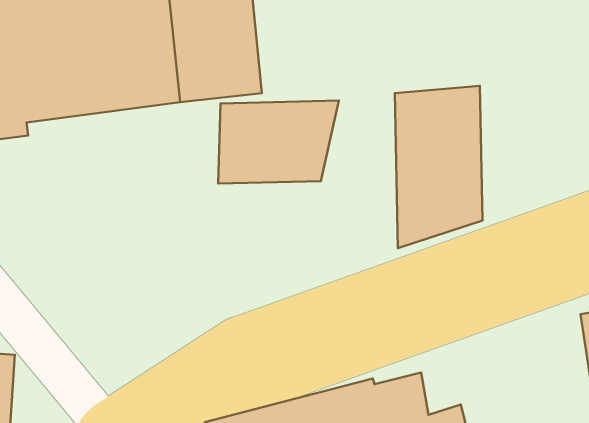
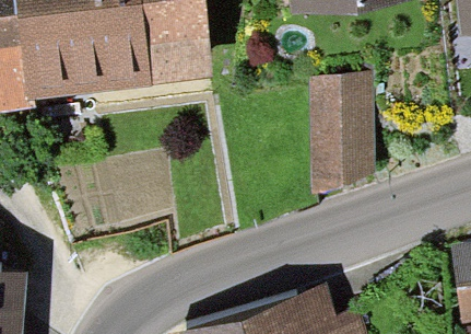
building: [218,100,339,183] -> none

